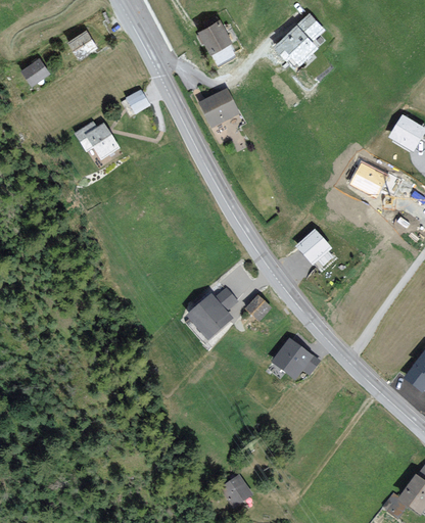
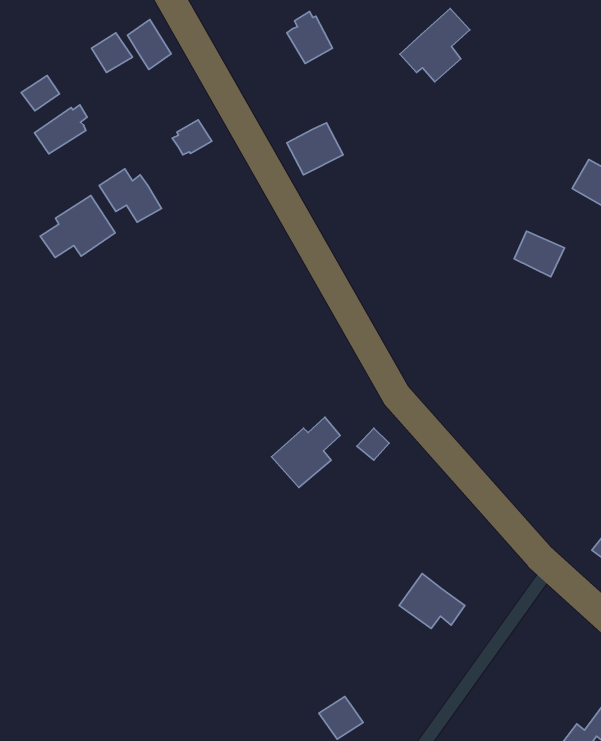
building: none -> [127,20,171,70]
building: none -> [35,105,87,154]
building: none -> [40,195,115,257]
building: [297,231,329,263] -> none
building: [275,339,319,376] -> [399,573,465,628]

